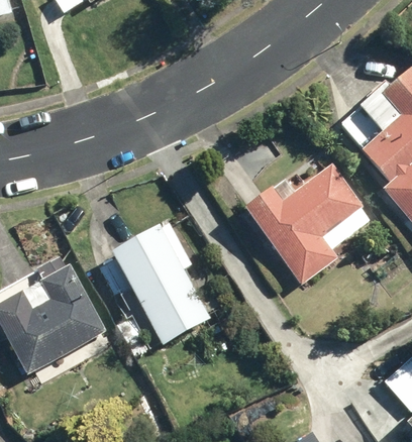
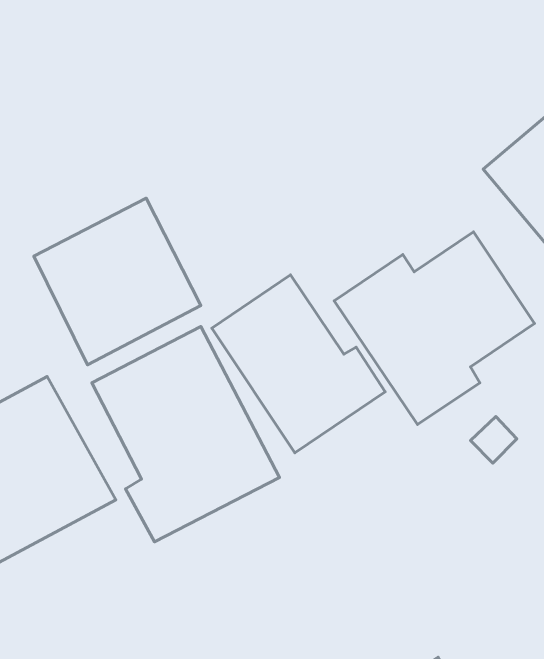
building: none -> [34,198,201,365]
building: none -> [212,275,385,453]

